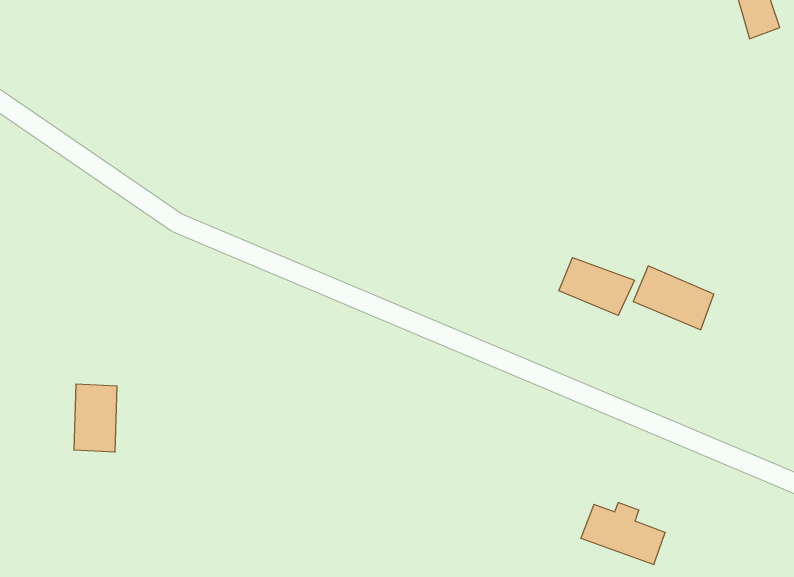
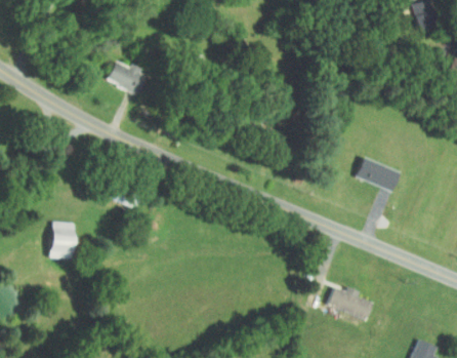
building: none -> [107,61,141,91]
building: [559,258,635,315] -> none

